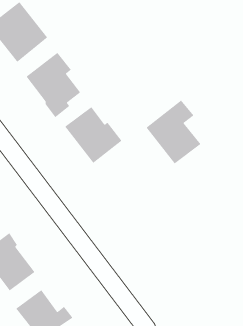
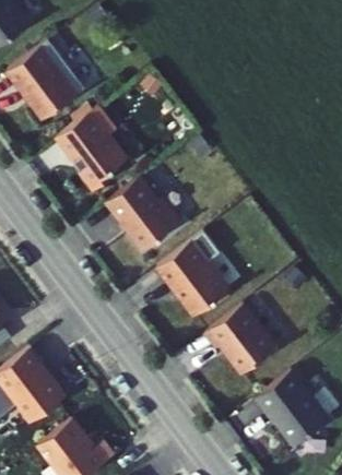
building: [146,99,201,165] -> [156,235,228,319]
building: none -> [204,307,276,377]
building: none -> [255,373,329,449]

